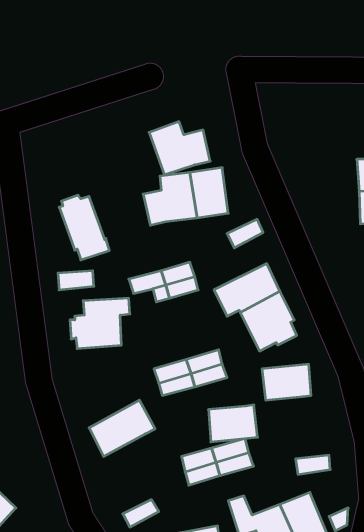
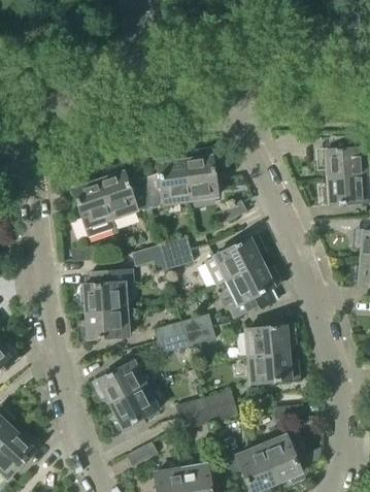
building: [149,122,210,175] -> [98,171,150,218]
building: none -> [88,308,128,338]
building: [208,405,258,442] -> [249,352,292,384]
building: none -> [110,385,160,428]

